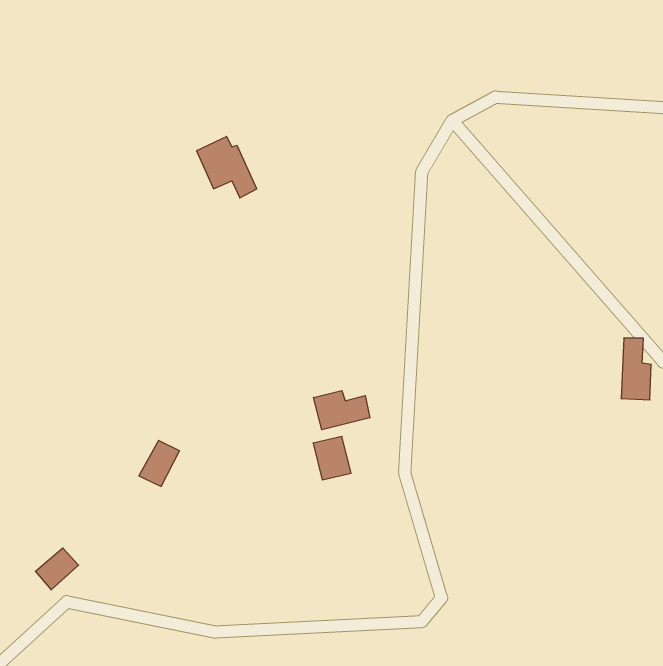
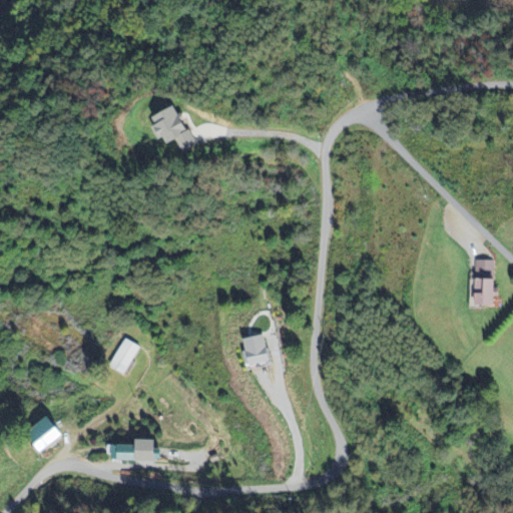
building: [314,391,370,430] -> none
building: none -> [111,439,155,461]

